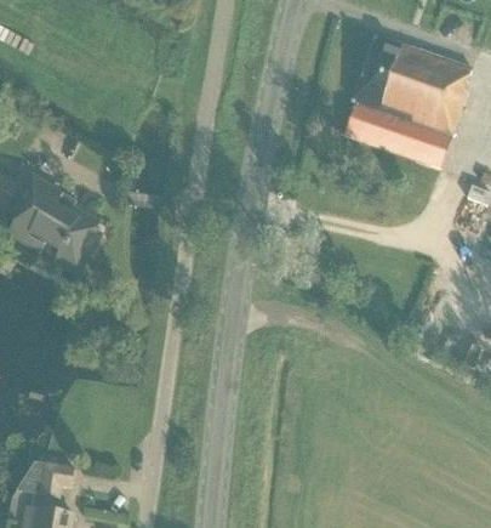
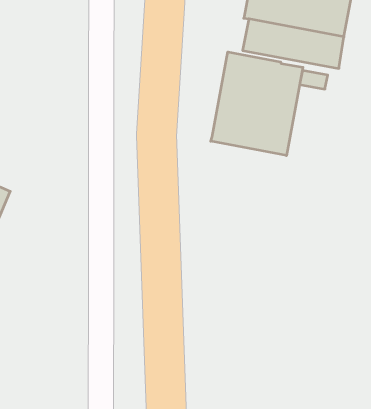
building: none -> [211,52,303,156]

